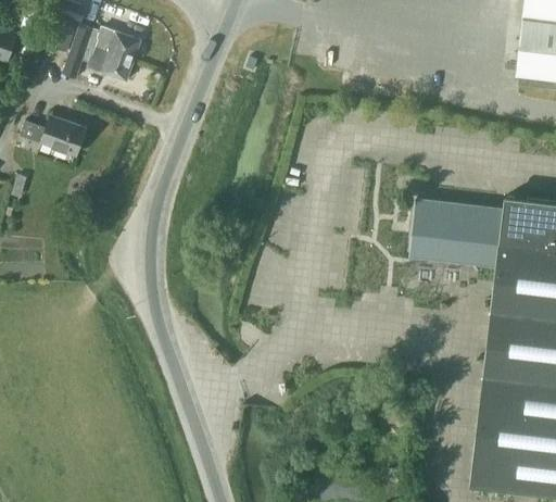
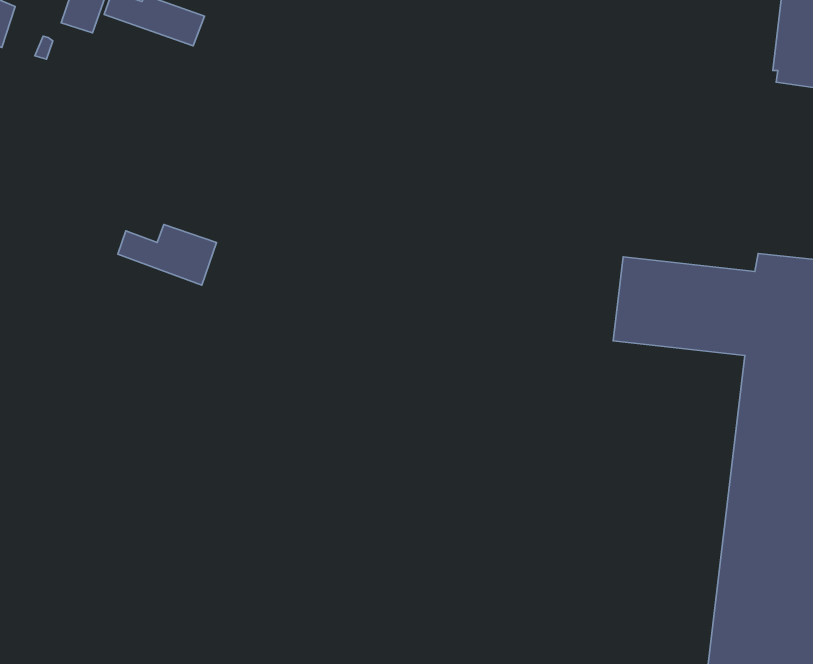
building: [70,40,134,81] -> none
building: [21,116,86,156] -> [118,224,217,285]

